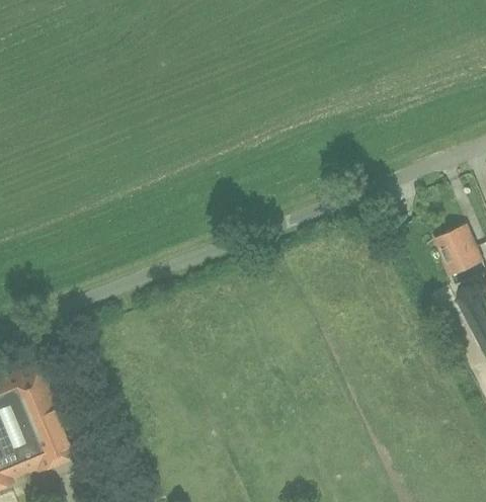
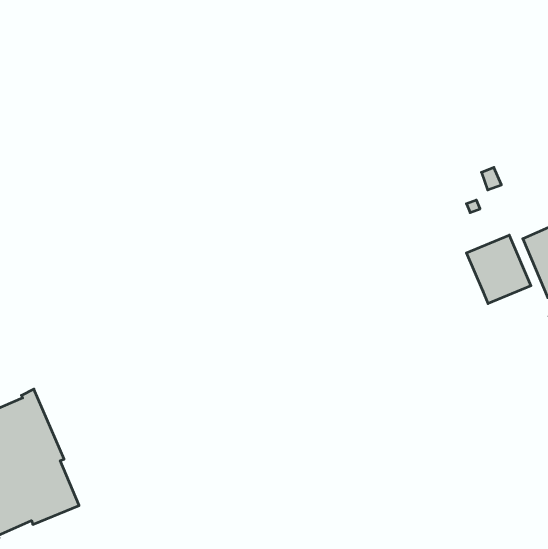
building: none -> [466,235,531,304]

